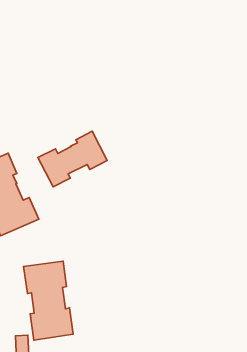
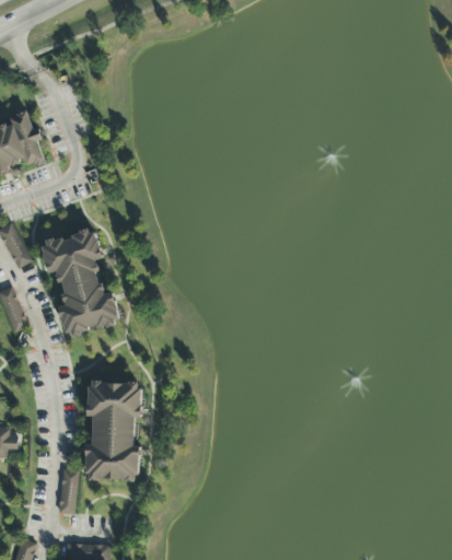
building: [38,131,107,187] -> none

